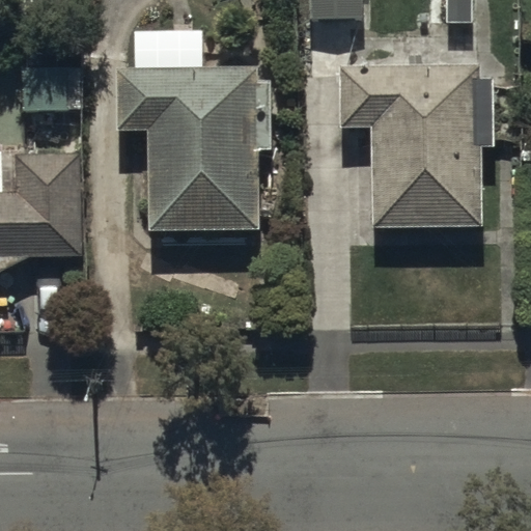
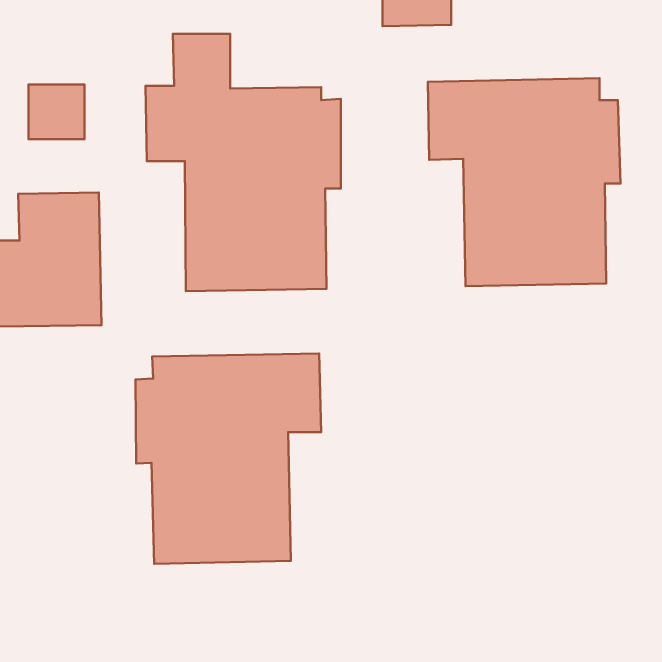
building: none -> [135,353,321,564]

